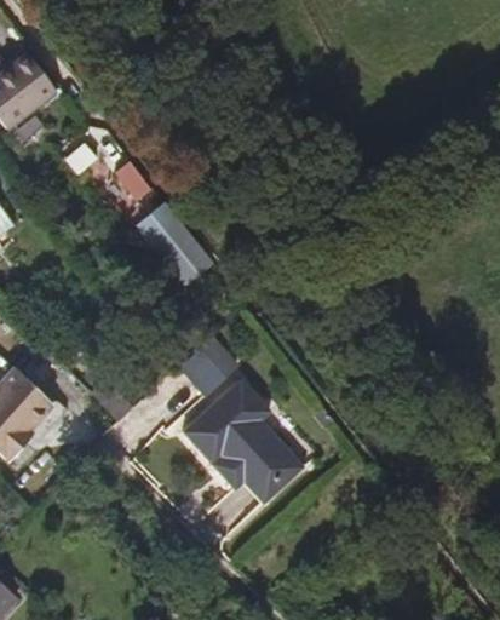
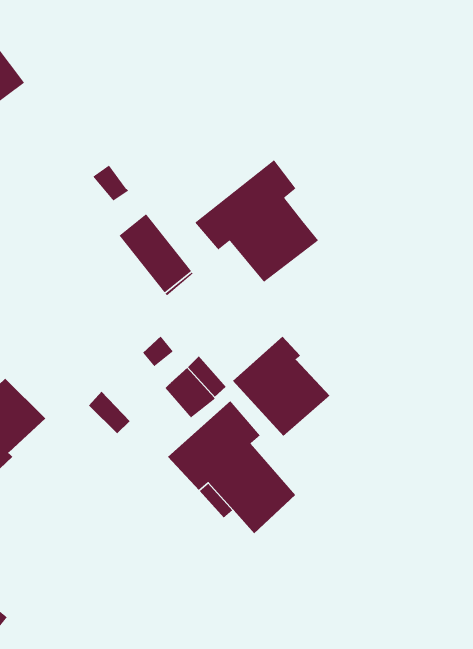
building: none -> [194,159,319,283]
building: none -> [232,336,331,437]

